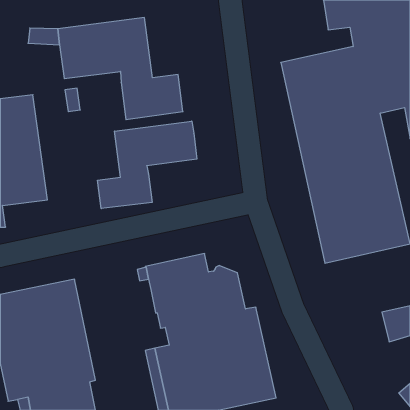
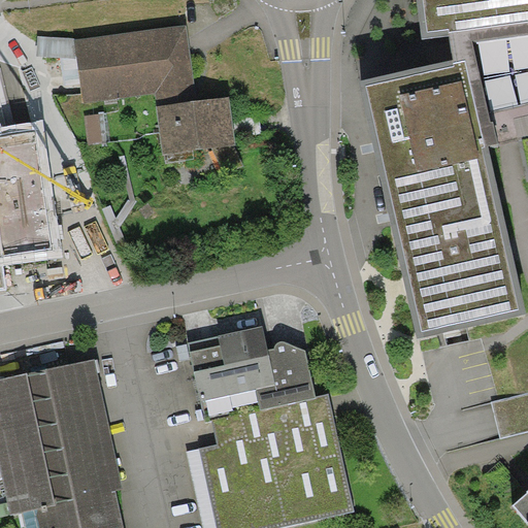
building: [98,121,197,209] -> none

